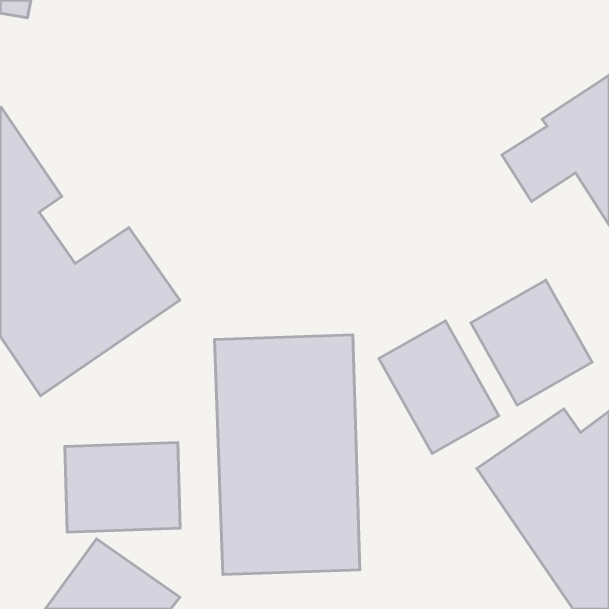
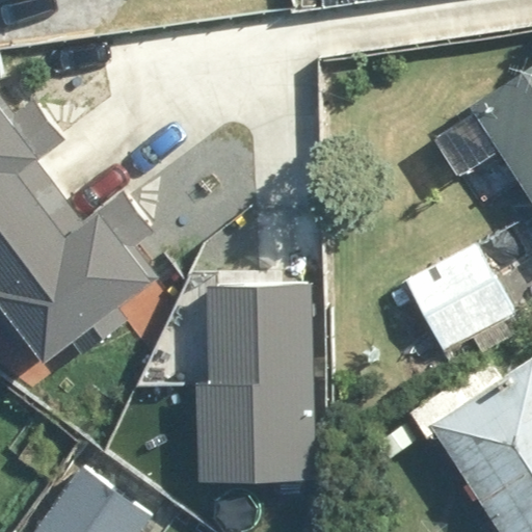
building: [379,321,499,454] -> none
building: [65,443,180,532] -> none

